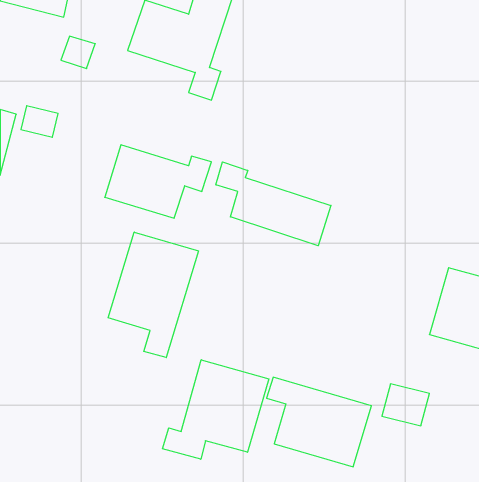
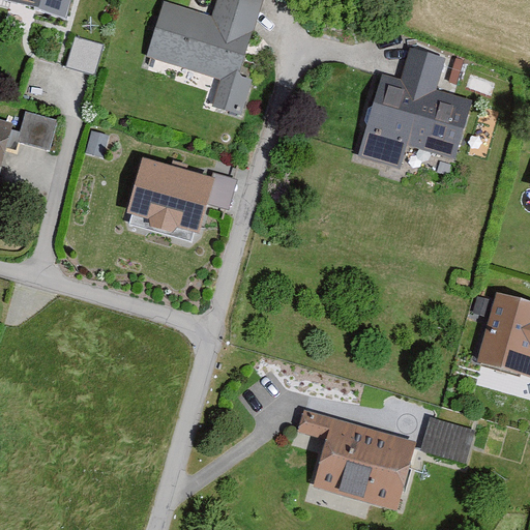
building: none -> [354,48,470,172]
building: [216,162,331,246] -> none
building: [108,232,198,358] -> none
building: [162,360,269,459] -> none

